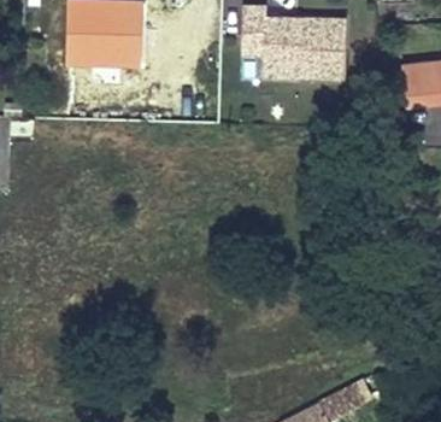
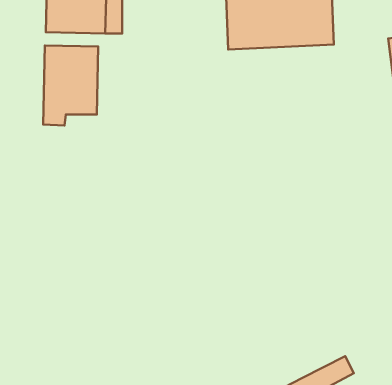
building: none -> [43,45,98,126]

